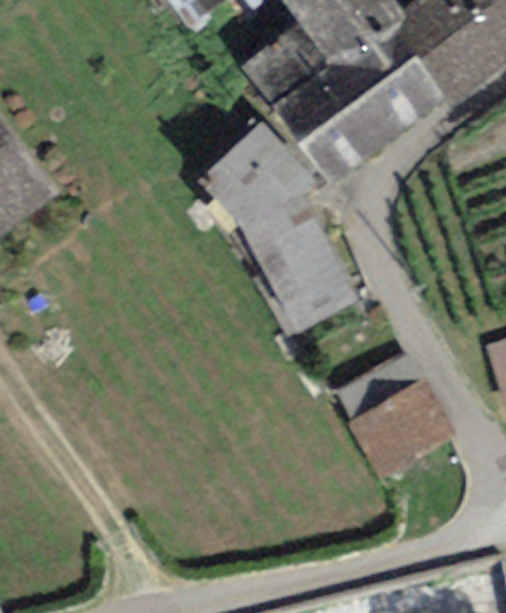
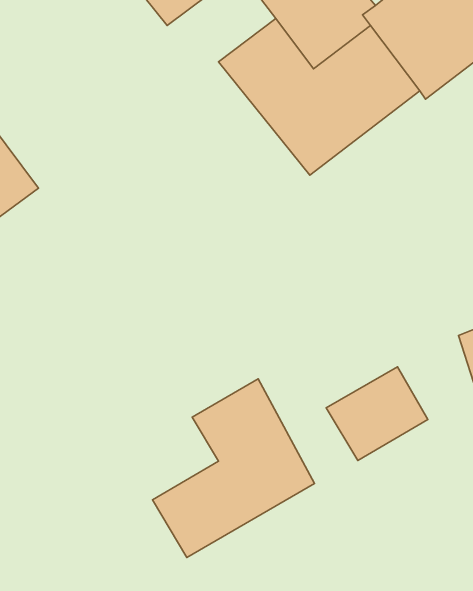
building: [196,119,355,330] -> none
building: none -> [153,379,315,557]

